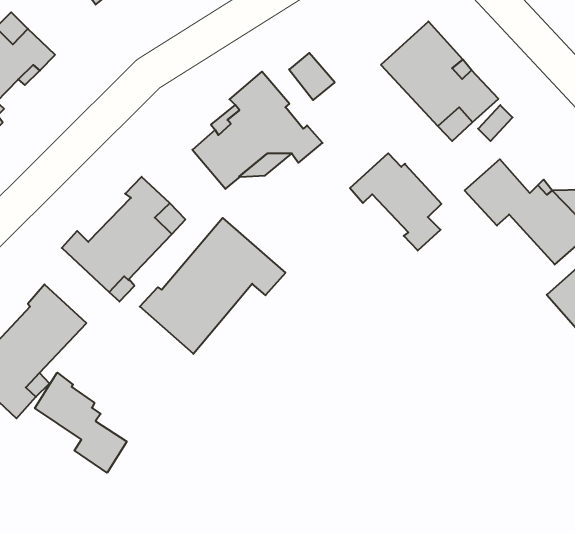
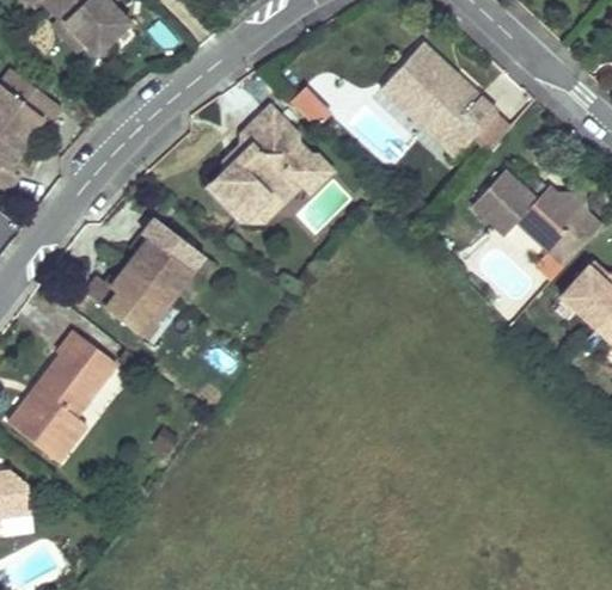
building: [350,153,441,251] -> none
building: [140,218,285,354] -> none
building: [35,373,127,473] -> none

